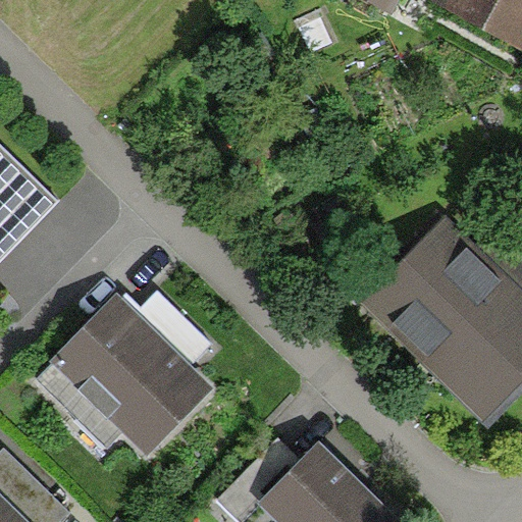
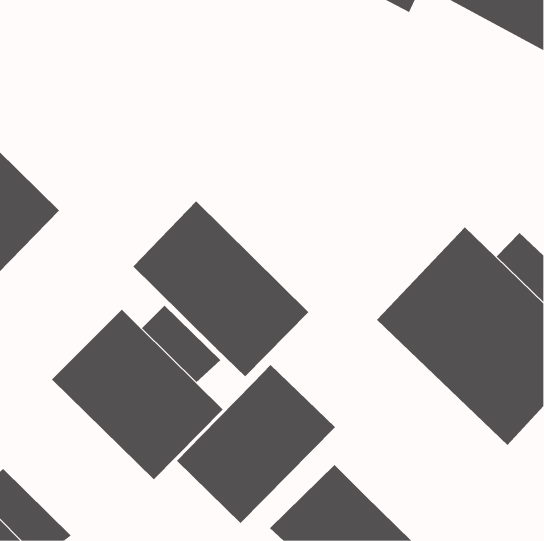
building: none -> [132,200,309,377]
building: none -> [176,364,336,524]

